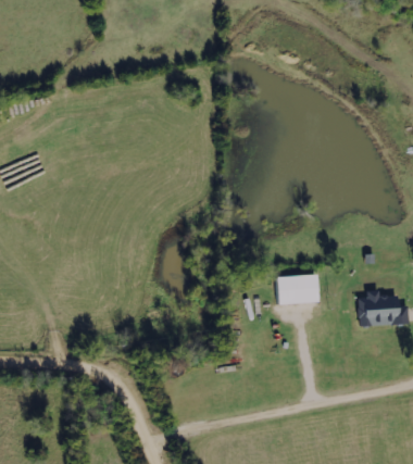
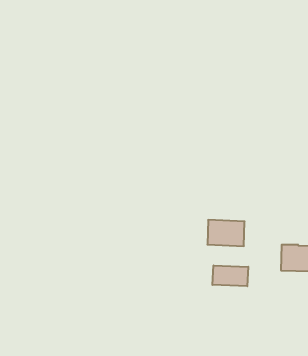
building: none -> [212,265,248,286]

